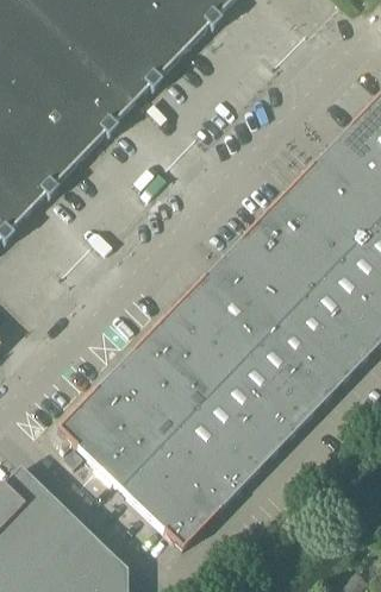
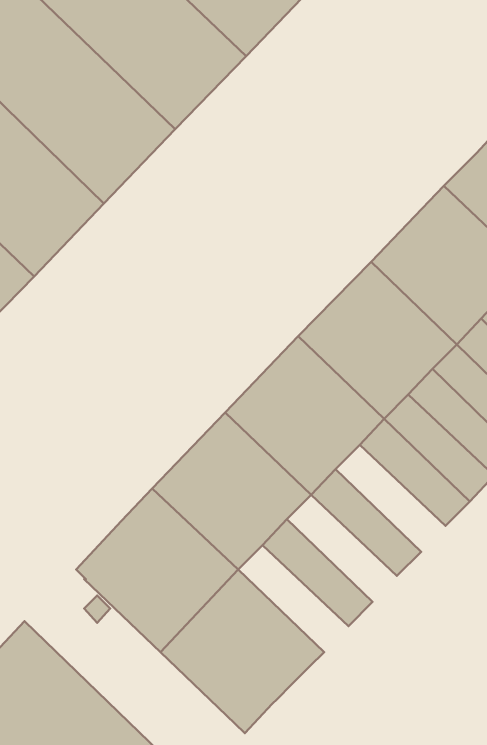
building: [250,335,331,414] -> none
building: [214,372,295,451] -> none
building: [179,409,260,487] -> none

